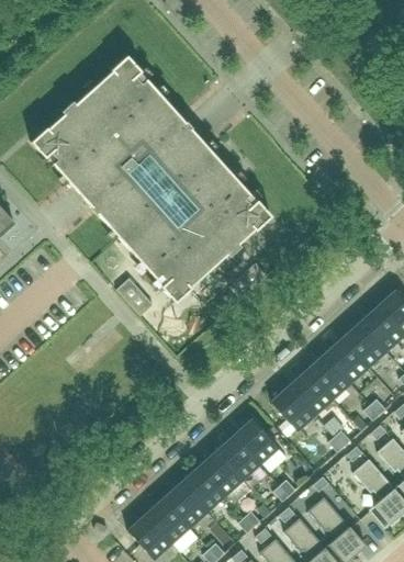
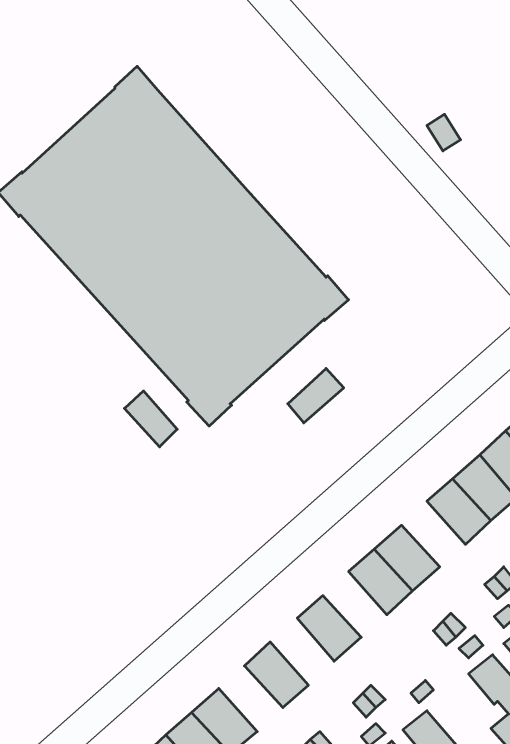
building: [307,353,351,398] -> none
building: [217,434,261,480] -> none
building: [182,467,226,512] -> none

